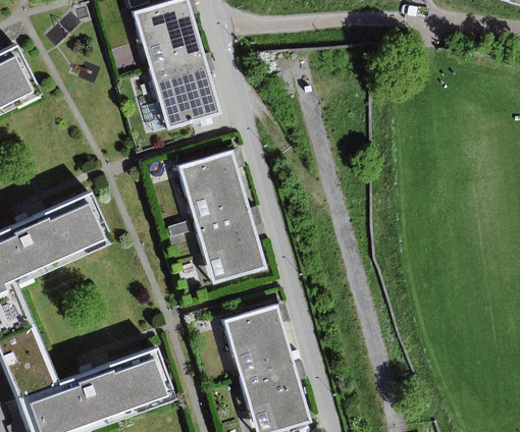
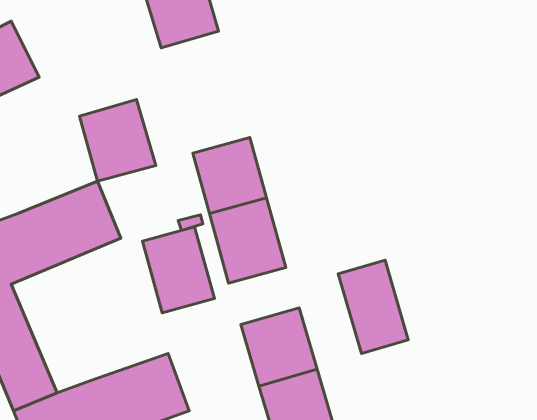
building: [150,53,219,127] -> [80,99,156,181]
building: none -> [142,227,214,313]
building: none -> [338,260,408,353]

